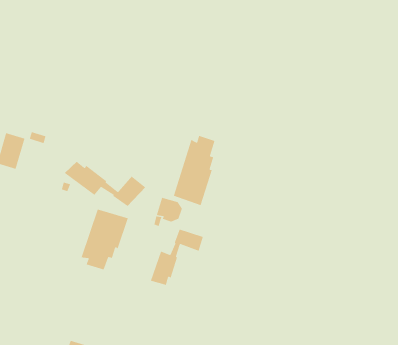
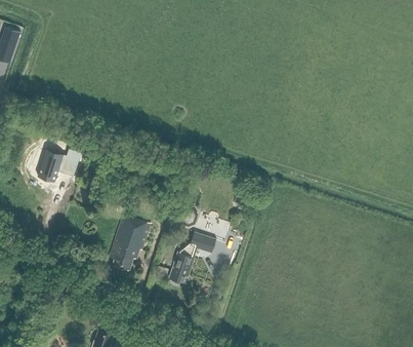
building: [173,135,215,206] -> none
building: [64,161,146,207] -> none

